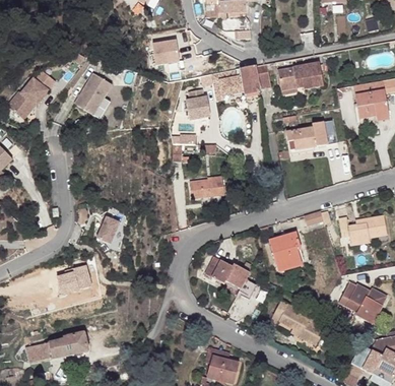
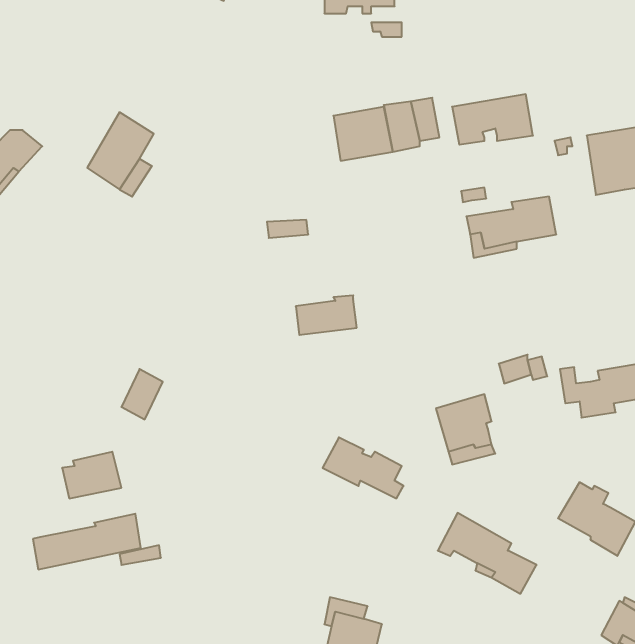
building: [153,39,183,65] -> none
building: [185,88,211,121] -> none
building: [27,331,88,363] -> [33,514,141,569]

